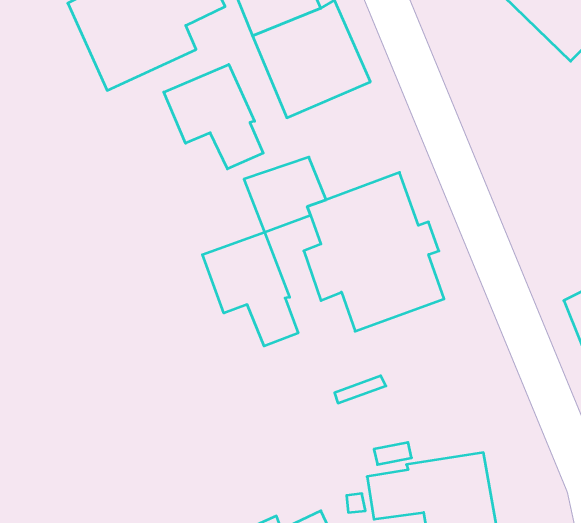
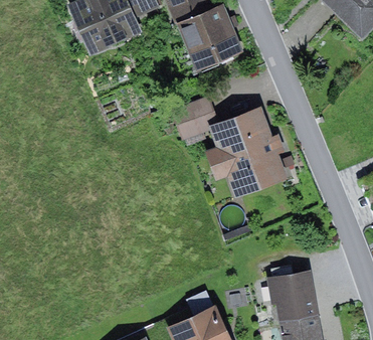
building: [164,64,263,169] -> none
building: [202,232,298,346] -> none

